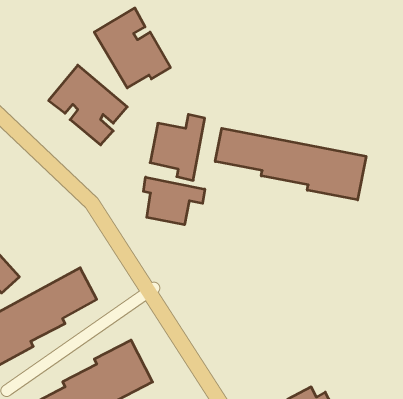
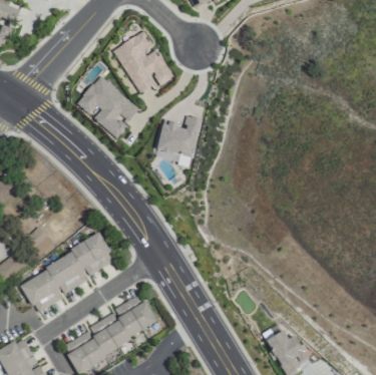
building: [215,128,366,200] -> none
building: [143,177,205,225] -> none

